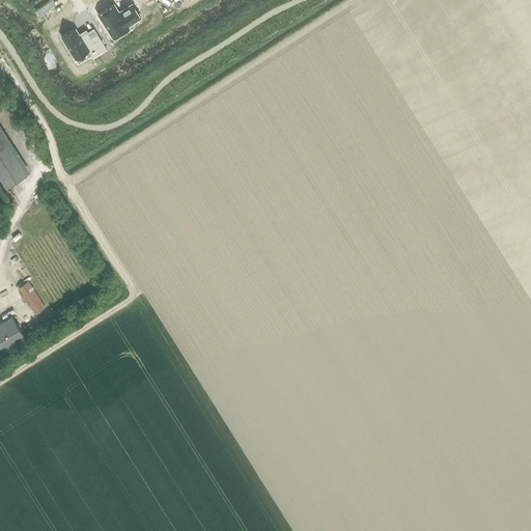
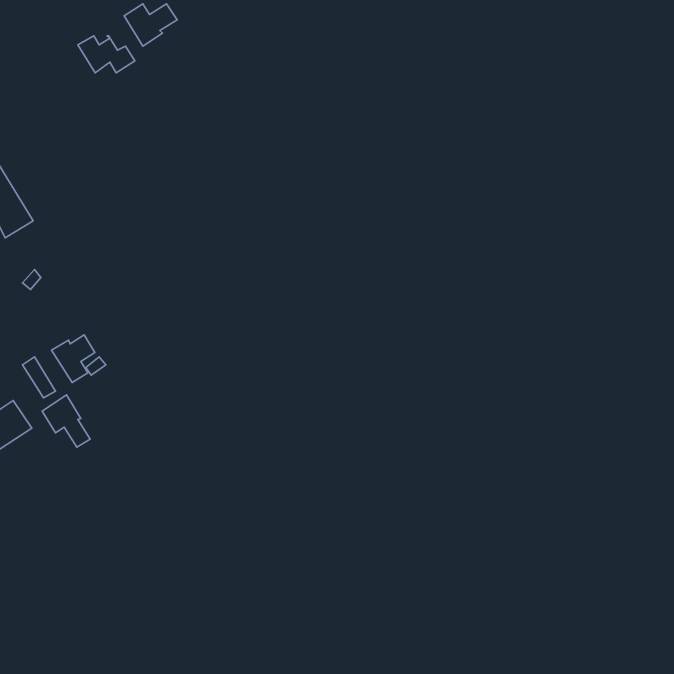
building: none -> [52,335,95,383]
building: none -> [42,395,90,447]

